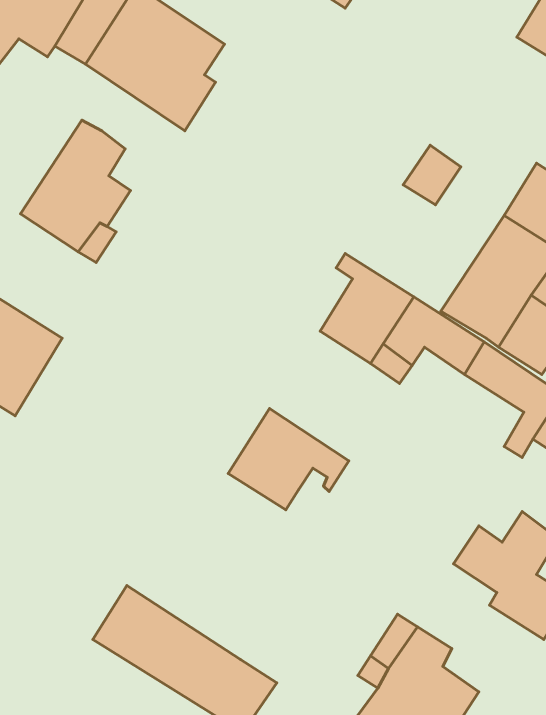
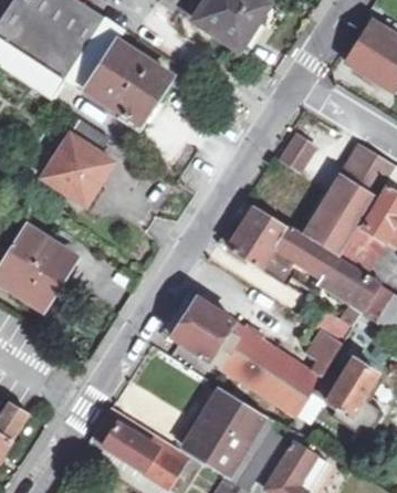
building: none -> [224,329,339,418]
building: none -> [181,390,262,474]

